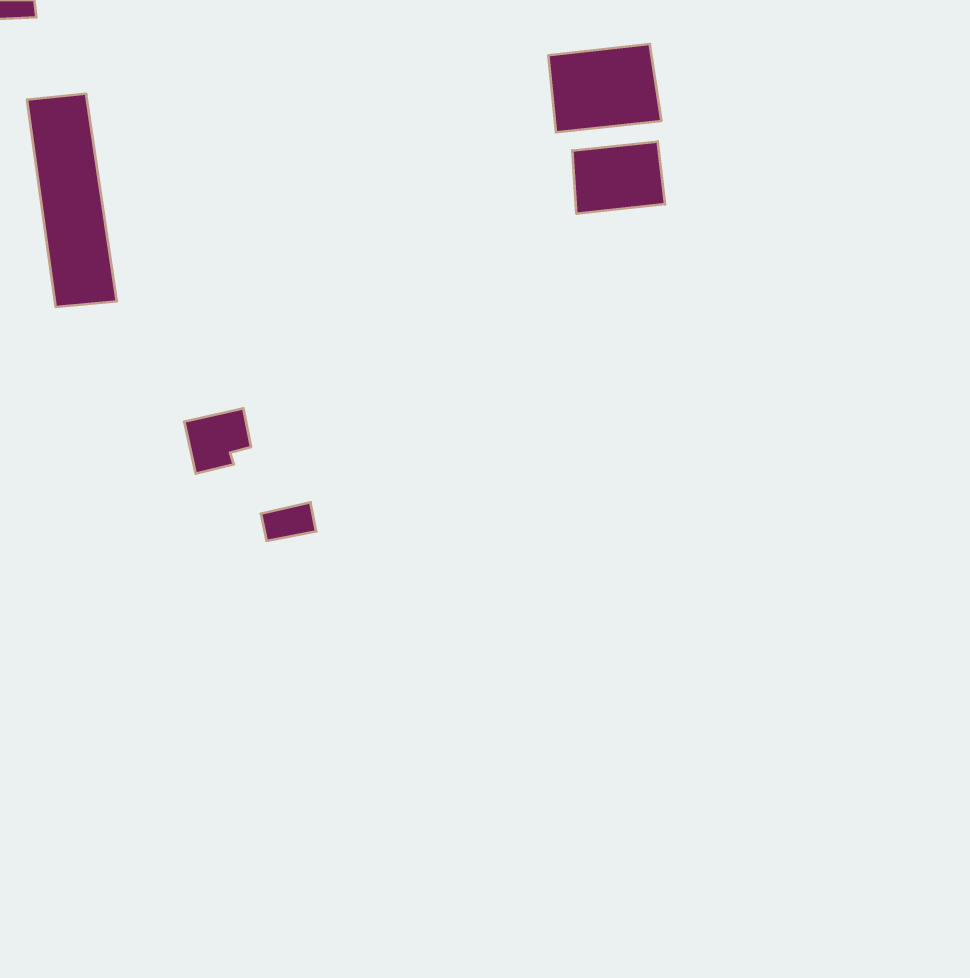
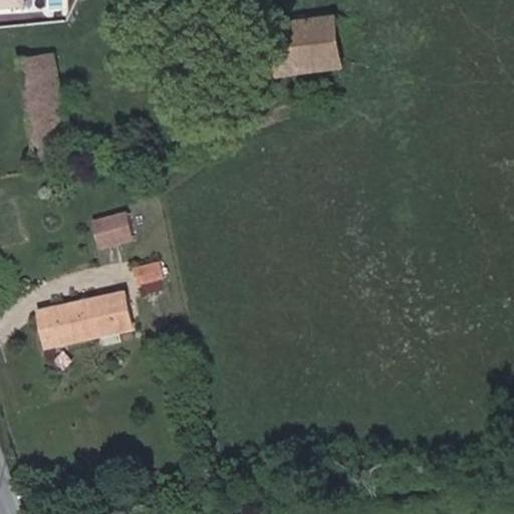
building: [572,141,665,214] -> none
building: none -> [35,292,123,347]

